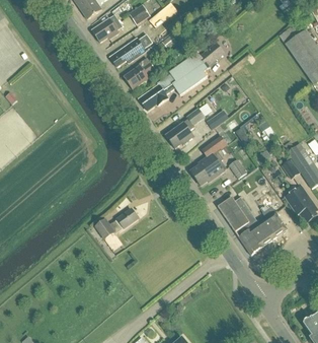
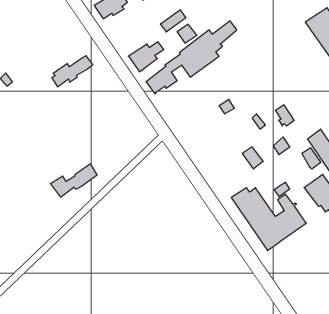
building: [111,38,149,66] -> [52,56,93,87]
building: [165,108,204,148] -> none
building: [189,135,226,184] -> none
building: [94,207,137,237] -> [51,164,97,197]

